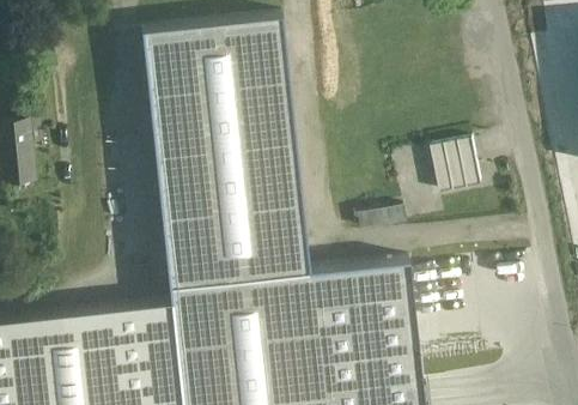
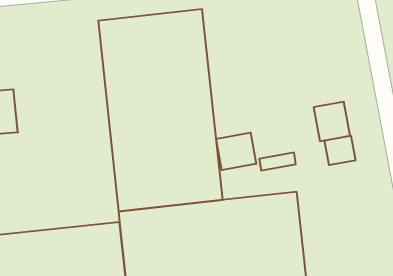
building: none -> [216,132,256,170]
building: none -> [324,136,355,165]

